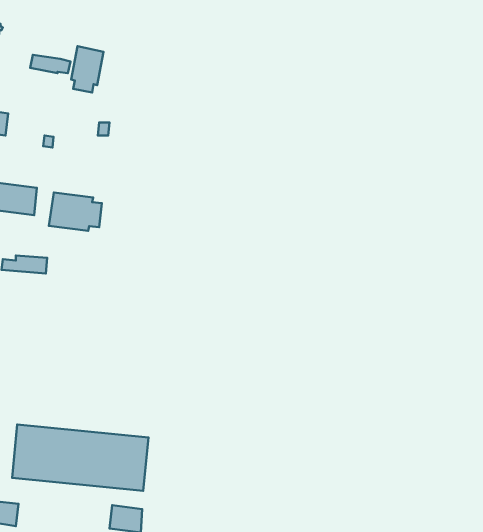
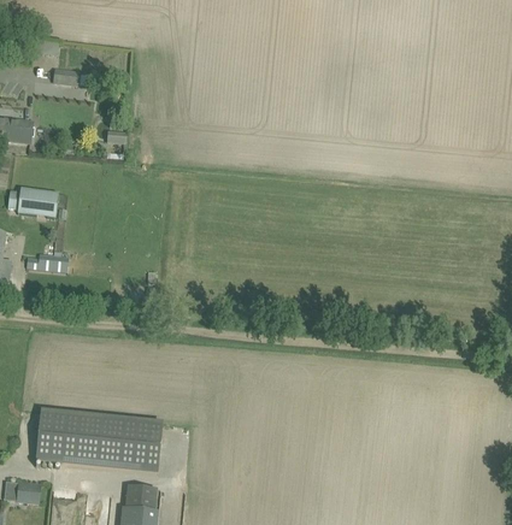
building: [71,46,104,92] -> none
building: [49,192,102,231] -> none

